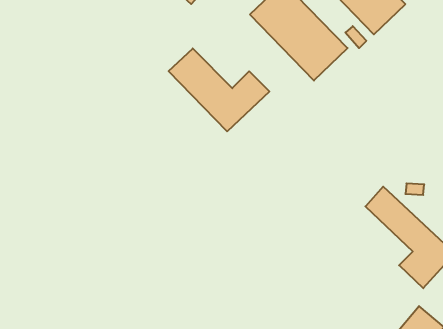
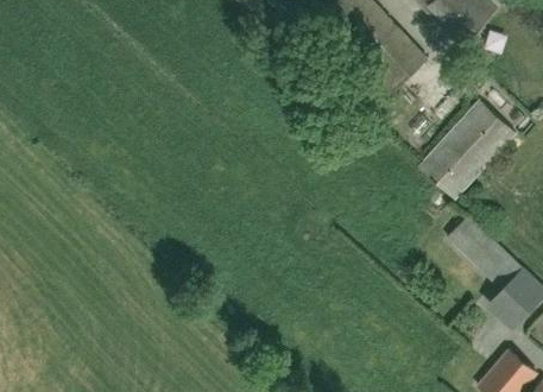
building: [169,48,269,131] -> none
building: none -> [418,100,514,198]

